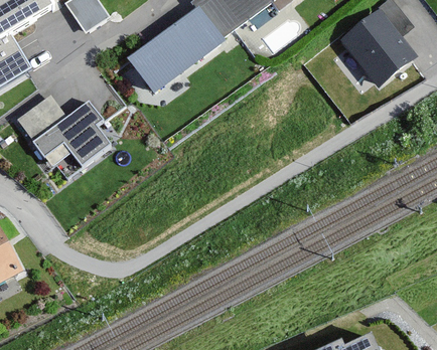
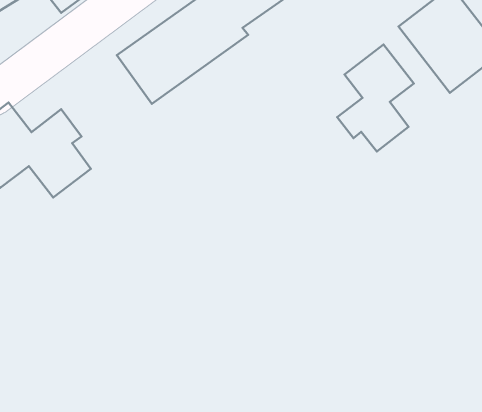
building: none -> [337,44,414,151]

